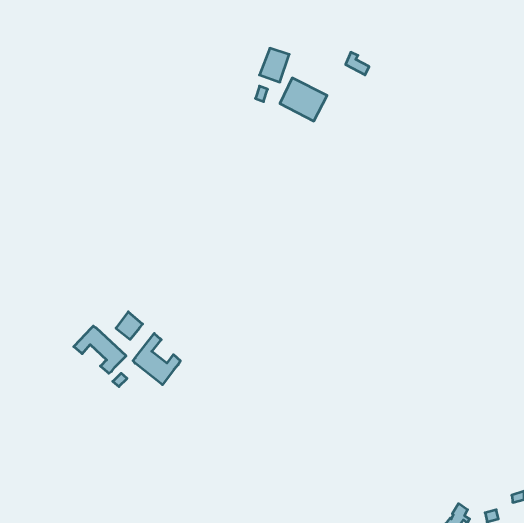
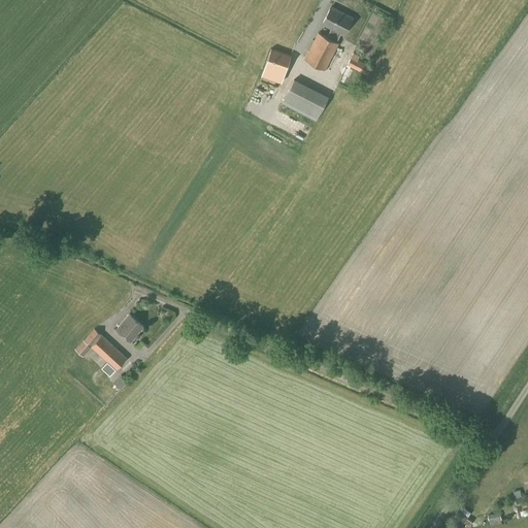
building: none -> [304,7,353,71]
building: [133,333,180,385] -> none

